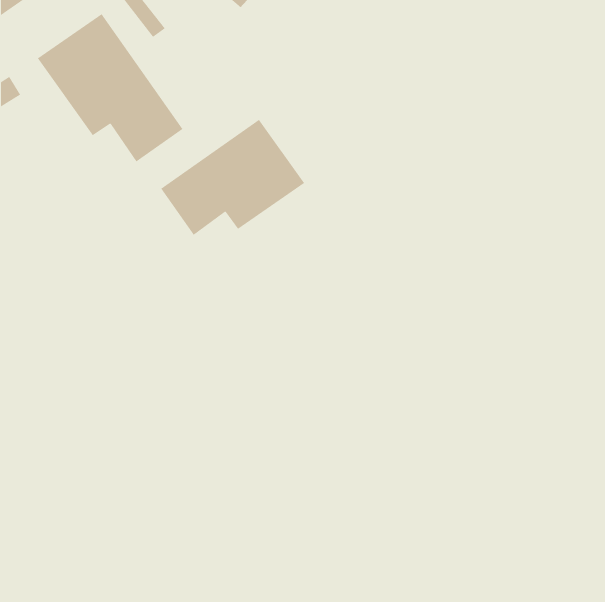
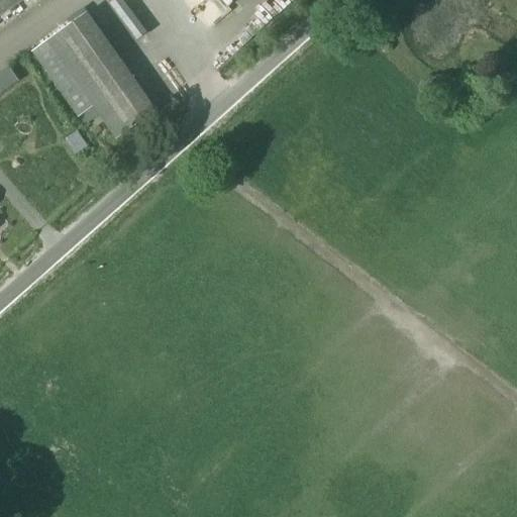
building: [160,119,305,236] -> none

